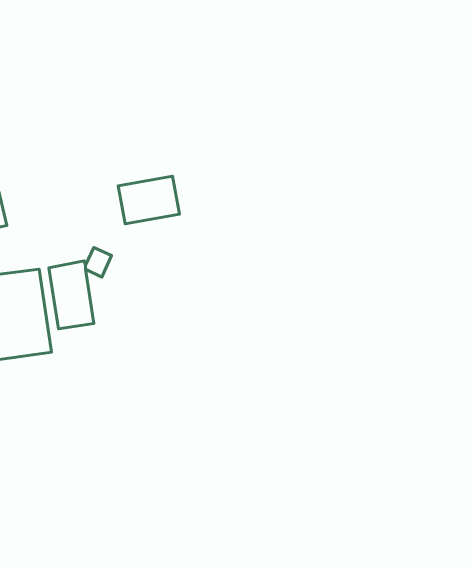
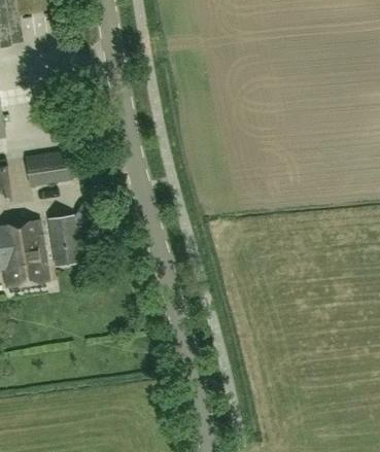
building: [118,176,179,224] -> [24,150,70,186]

